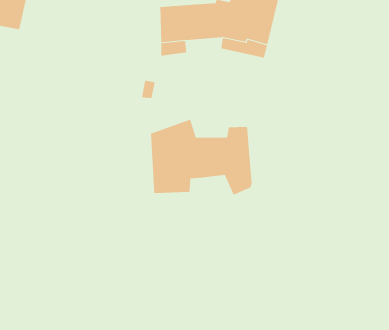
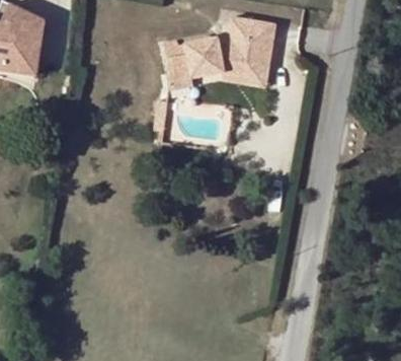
building: [151,119,252,195] -> none

